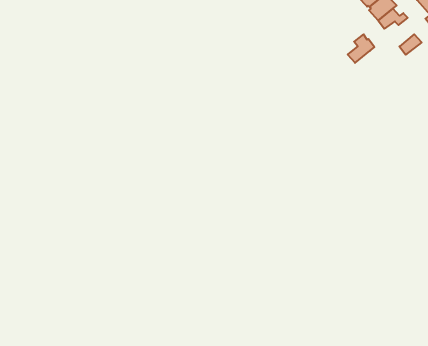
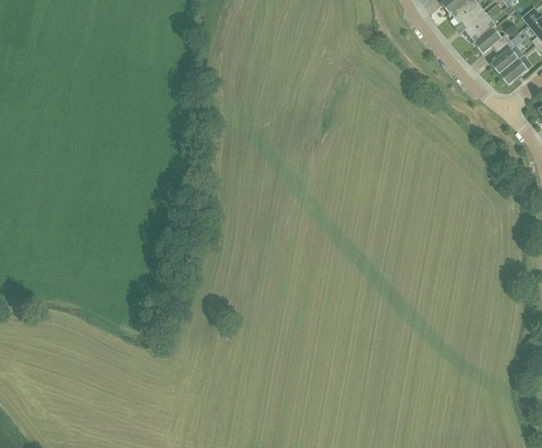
building: [348,34,374,63] -> [491,38,523,72]

